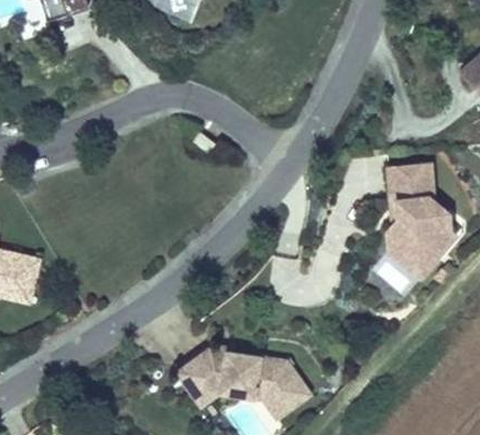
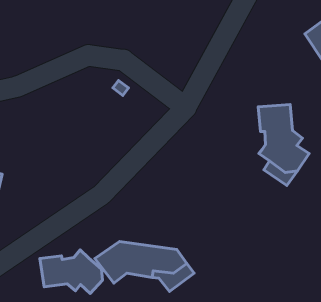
building: none -> [40,250,103,294]

